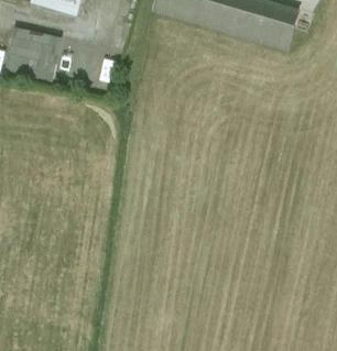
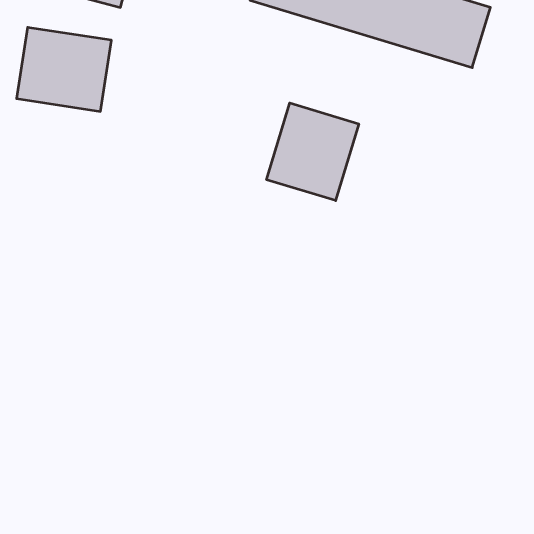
building: none -> [267,103,359,201]

